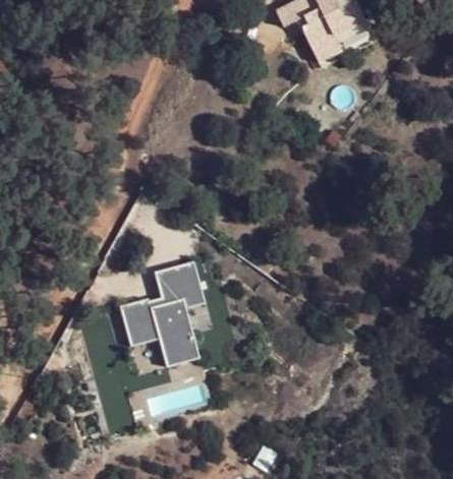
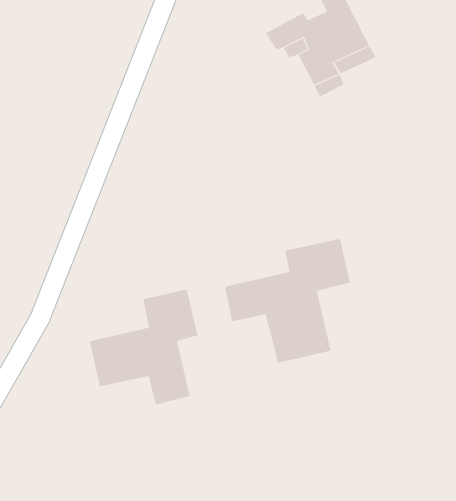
building: none -> [225,238,350,364]

